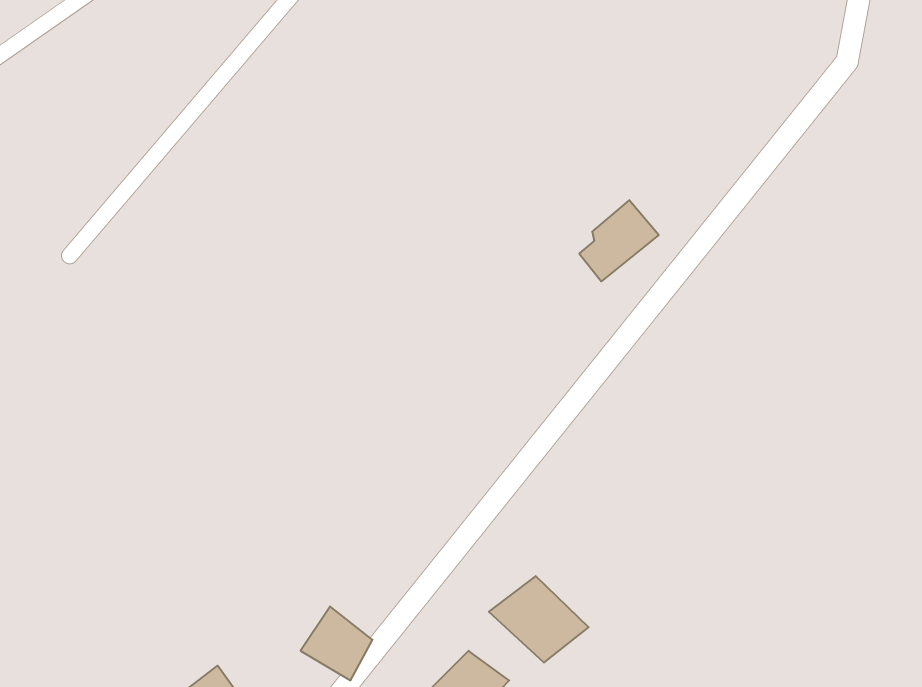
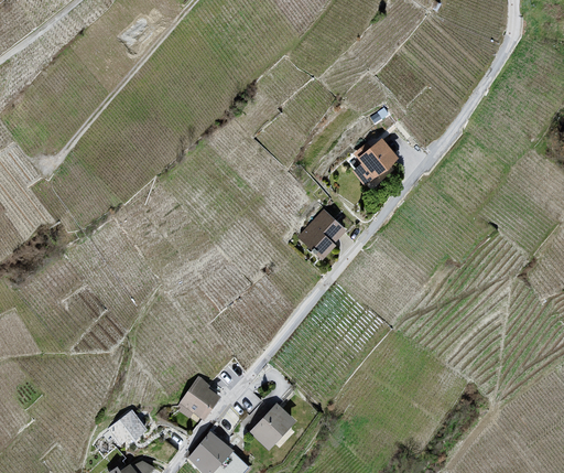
building: none -> [293,206,341,255]
building: [489,576,589,663] -> none

